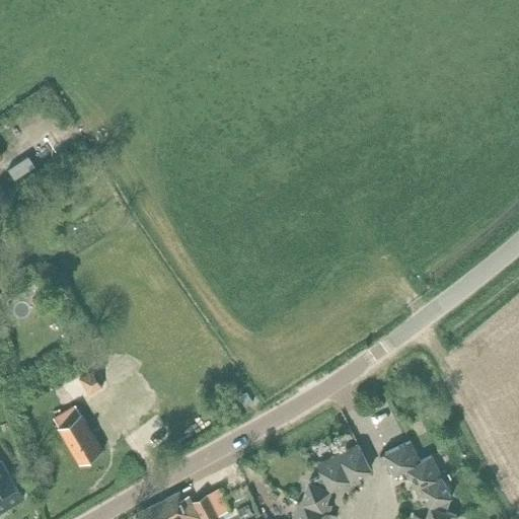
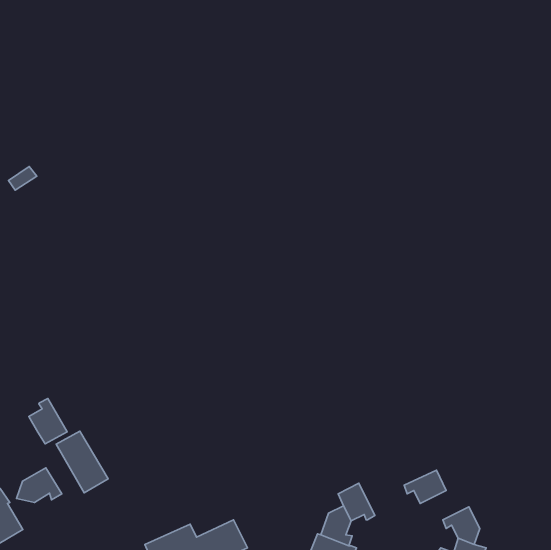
building: none -> [29,398,67,444]
building: none -> [16,468,62,502]
building: [337,445,369,486] -> none
building: [400,457,440,490] -> none

